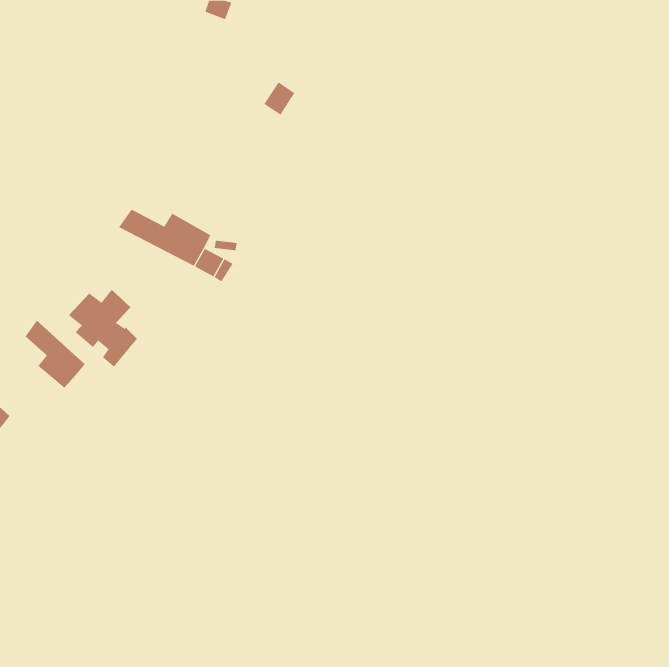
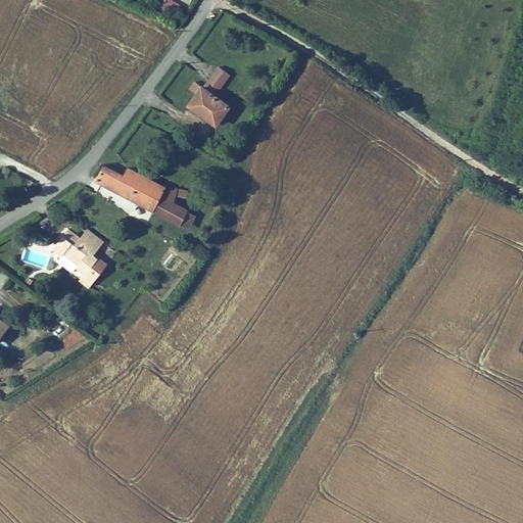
building: none -> [190,88,230,126]
building: [25,320,85,388] -> none

